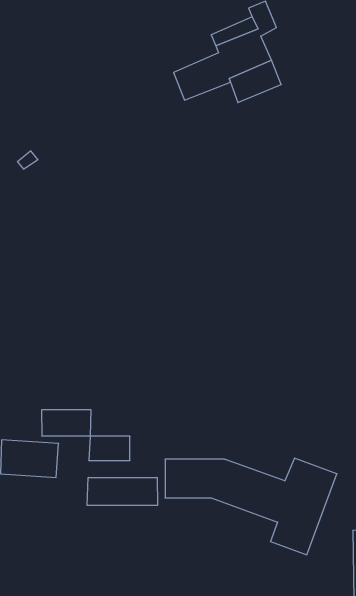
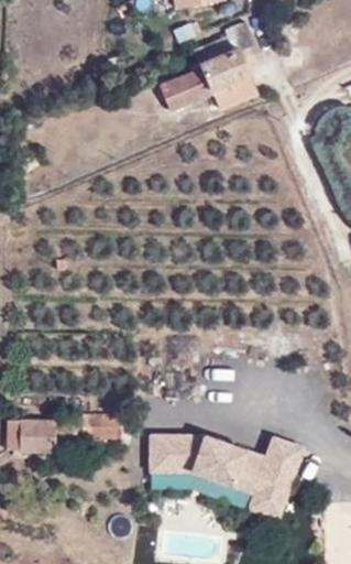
building: [42,410,91,436] -> none
building: [87,477,157,505] -> none

